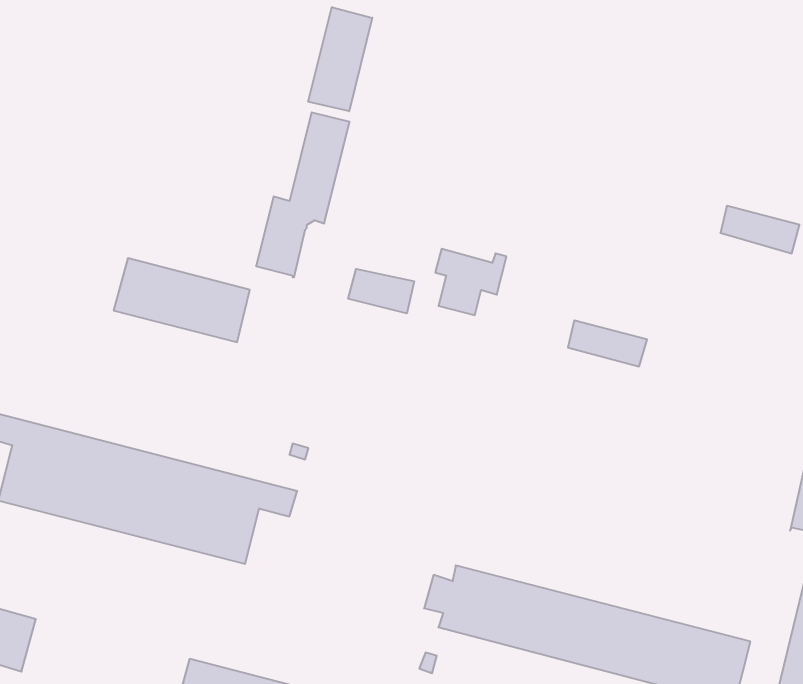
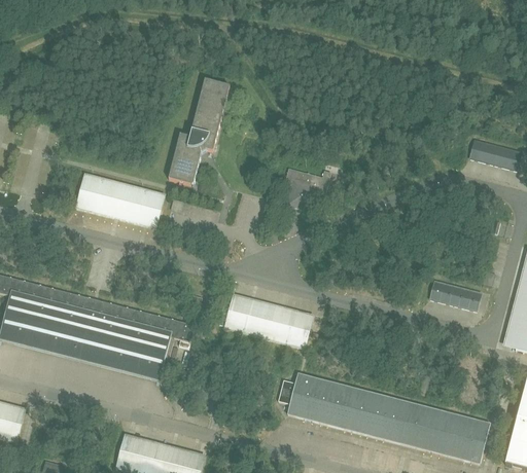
building: [308,7,372,111] -> none
building: [348,269,414,313] -> none
building: [568,320,647,366] -> [429,281,481,311]
building: none -> [218,280,312,349]

